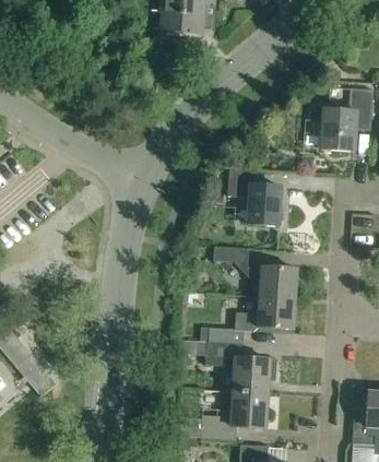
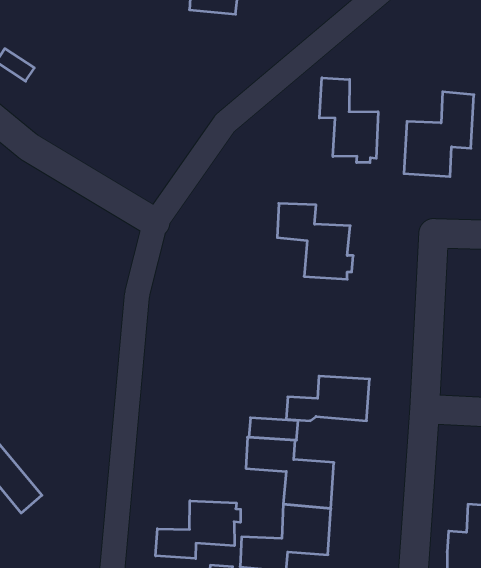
building: none -> [319,78,378,163]
building: [213,246,298,298] -> none
building: none -> [156,501,241,559]

